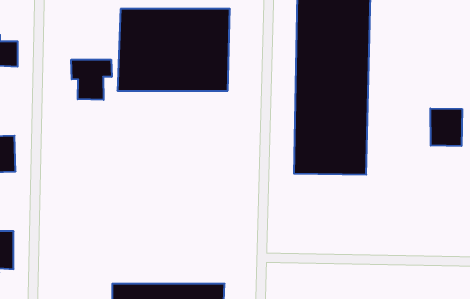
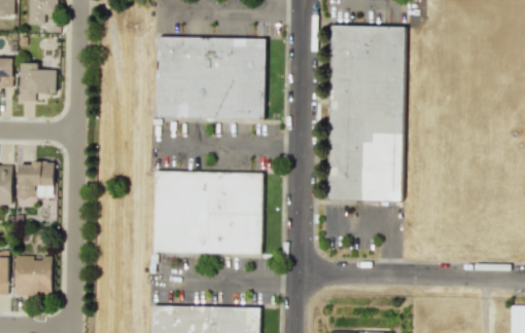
building: [71,60,112,100] -> none
building: [430,108,462,146] -> none
building: none -> [152,173,261,252]

